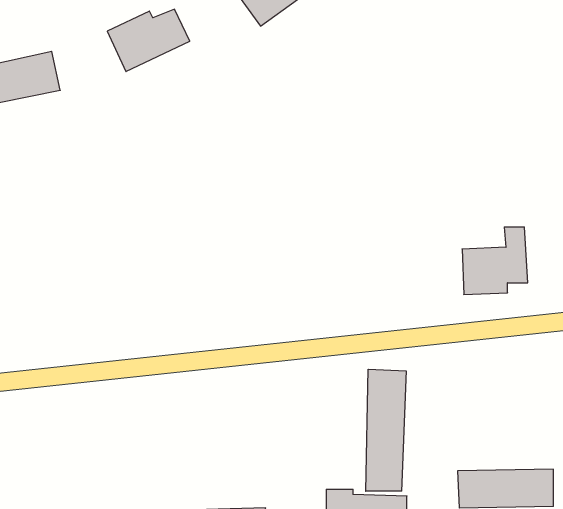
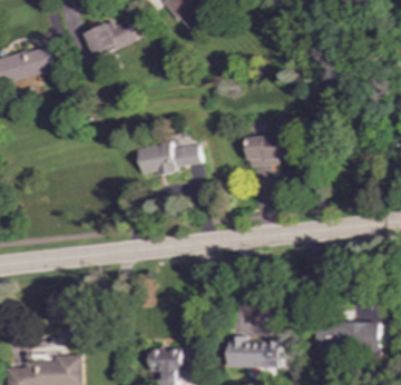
building: none -> [138,142,202,176]
building: [462,227,528,294] -> [247,121,291,166]
building: [366,369,406,491] -> none

